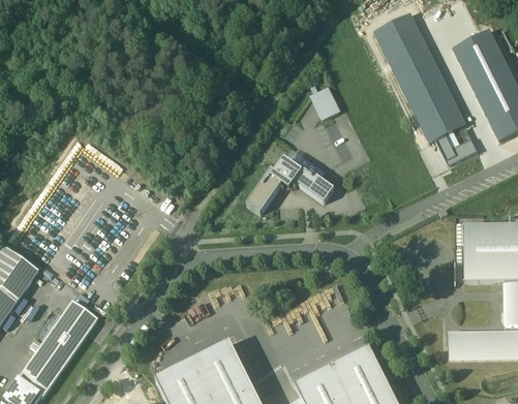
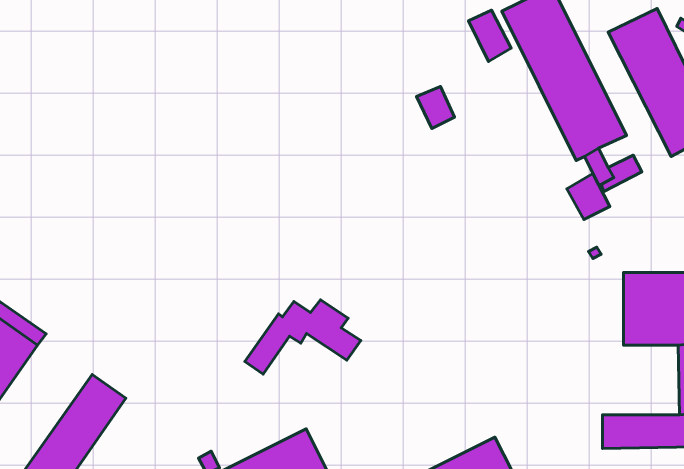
building: none -> [469,10,511,61]
building: none -> [567,174,610,220]
building: [248,157,334,212] -> [245,300,361,374]

